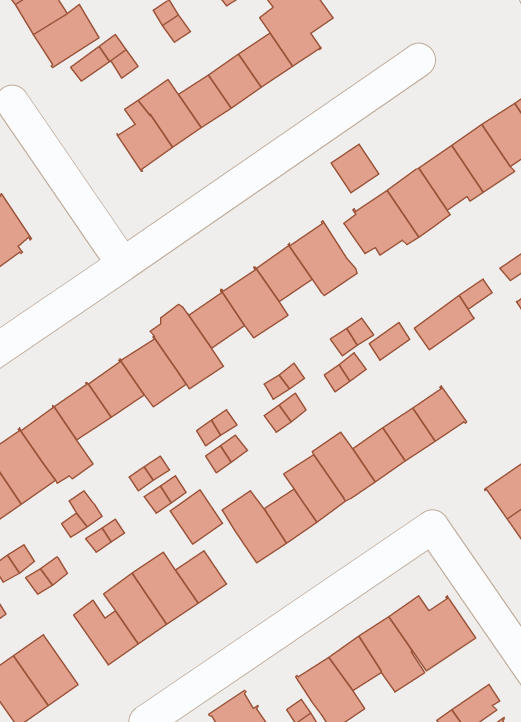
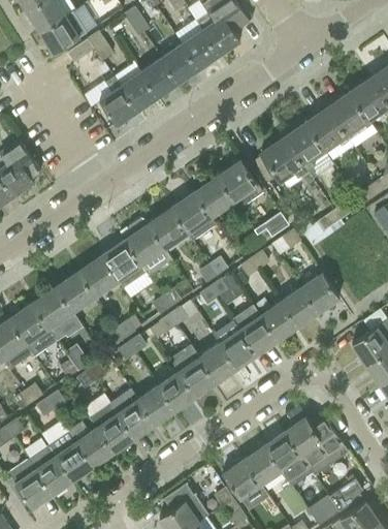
building: [331,144,379,193] -> none
building: [170,490,223,544] -> [159,372,195,409]
building: none -> [48,431,93,478]

